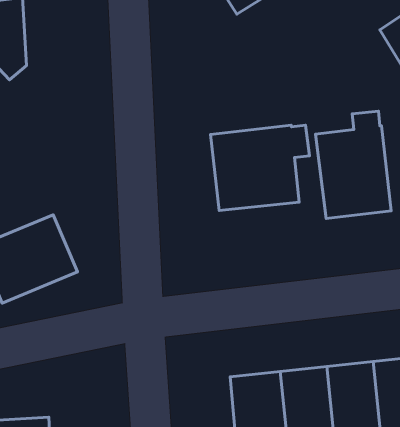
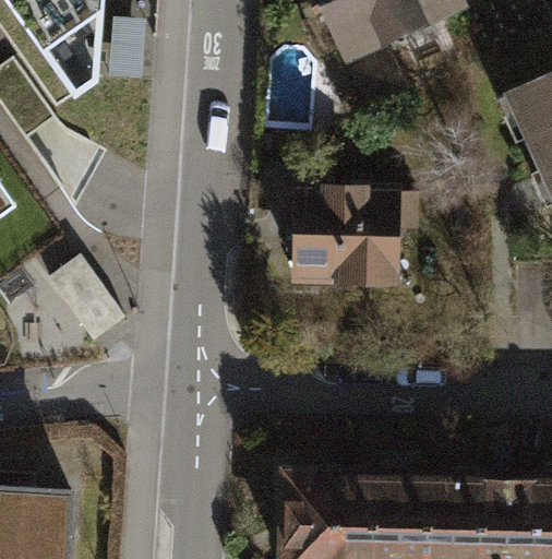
building: [316,111,391,218] -> none

